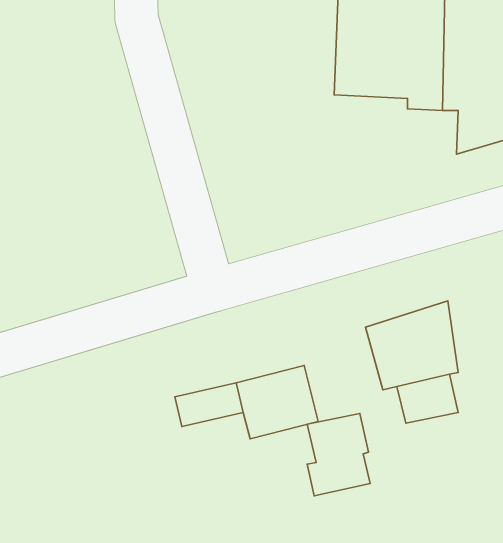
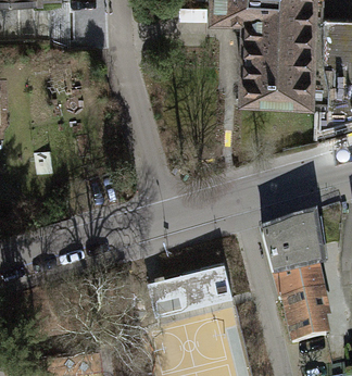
building: [307,414,370,496] -> [288,291,327,342]

